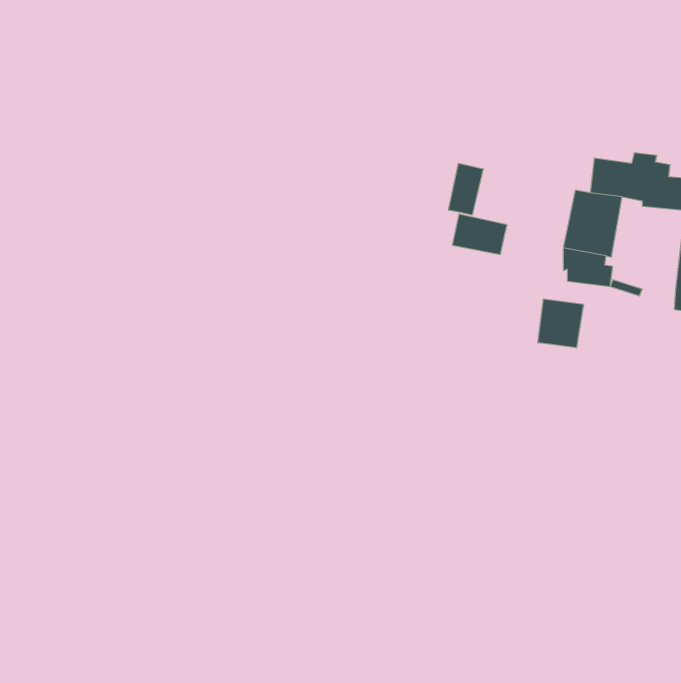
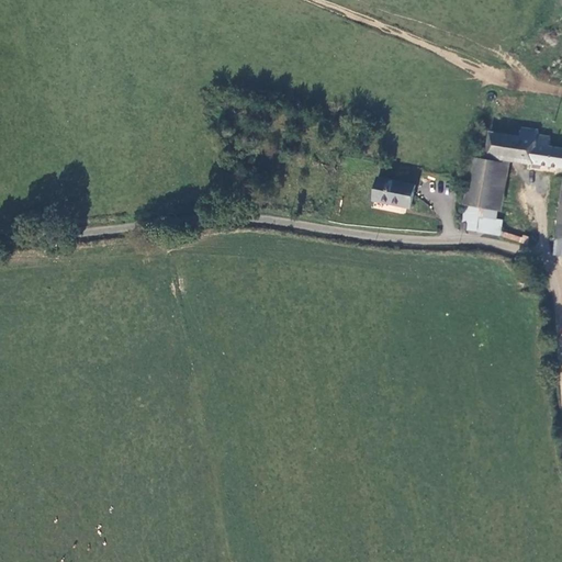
building: [449,163,483,215] -> none
building: [538,299,584,348] -> none

